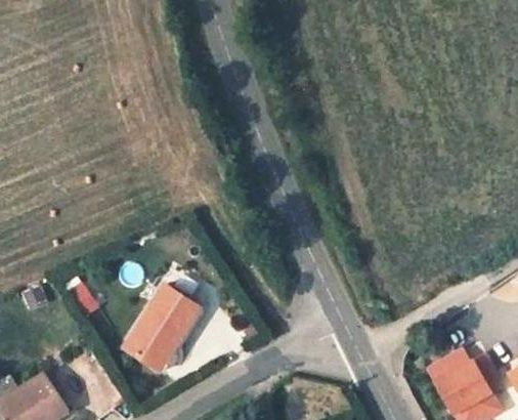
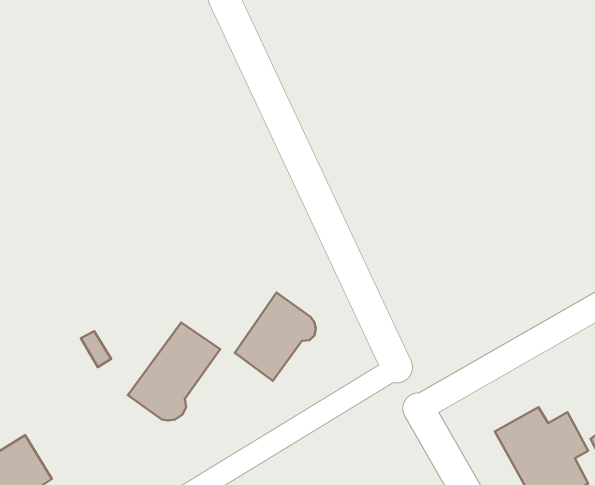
building: none -> [235,292,316,381]

